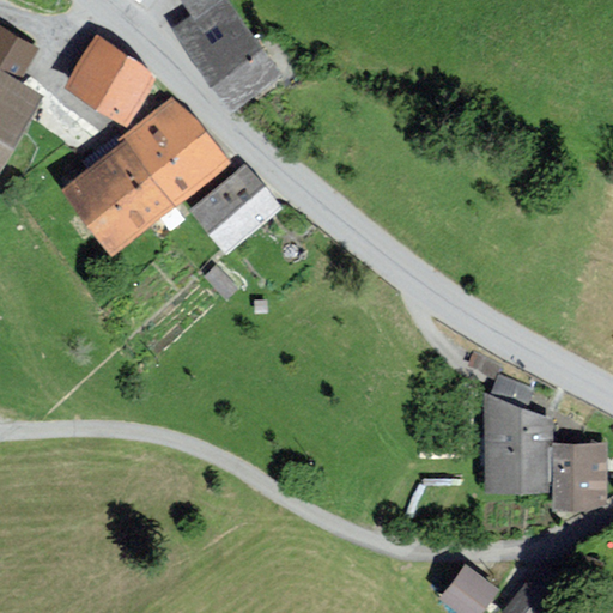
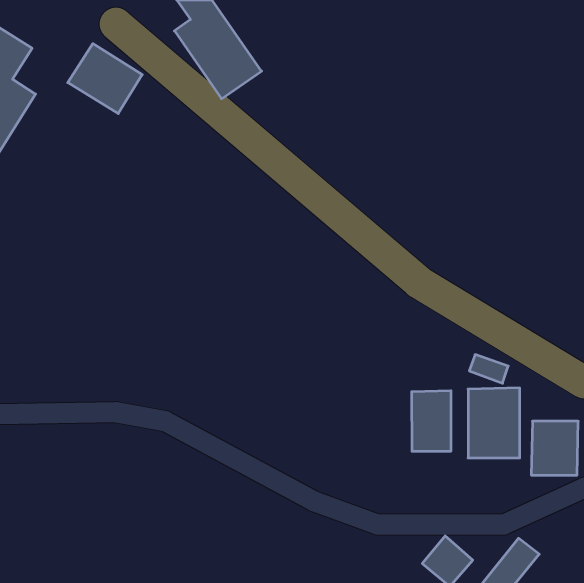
building: [66,110,217,249] -> none
building: [194,172,275,251] -> none
building: none -> [412,391,451,451]

